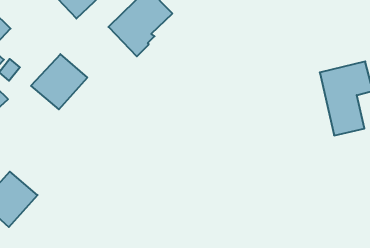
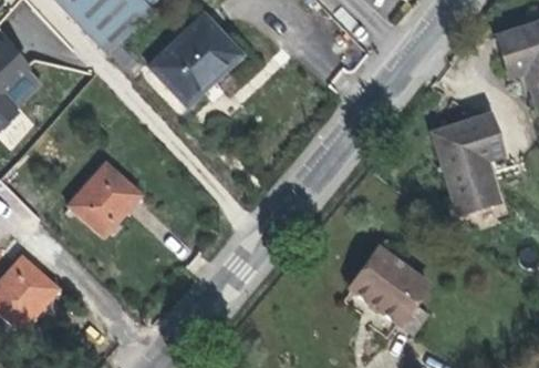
building: [31,54,87,109] -> [69,164,143,237]
building: none -> [349,248,427,334]

